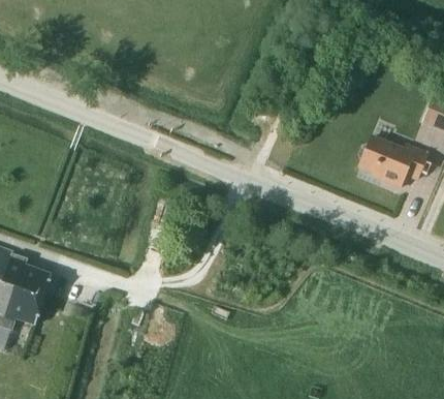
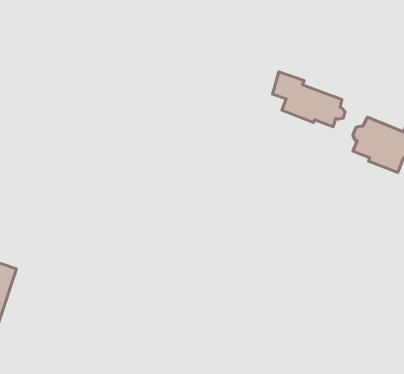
building: none -> [272,72,345,127]

